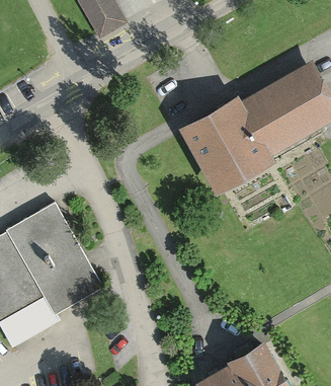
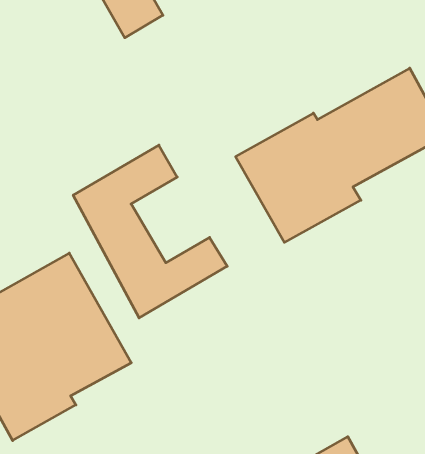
building: none -> [73,145,227,318]

